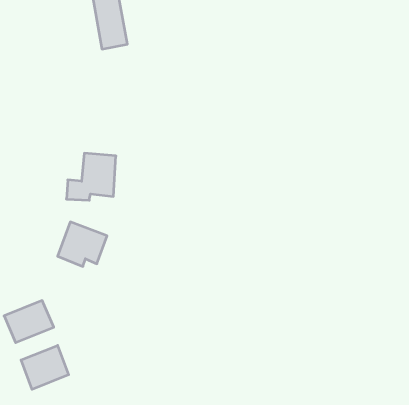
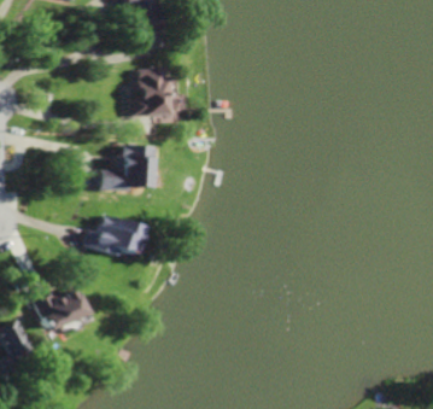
building: none -> [129,68,168,116]
building: [21,345,69,389] -> none

